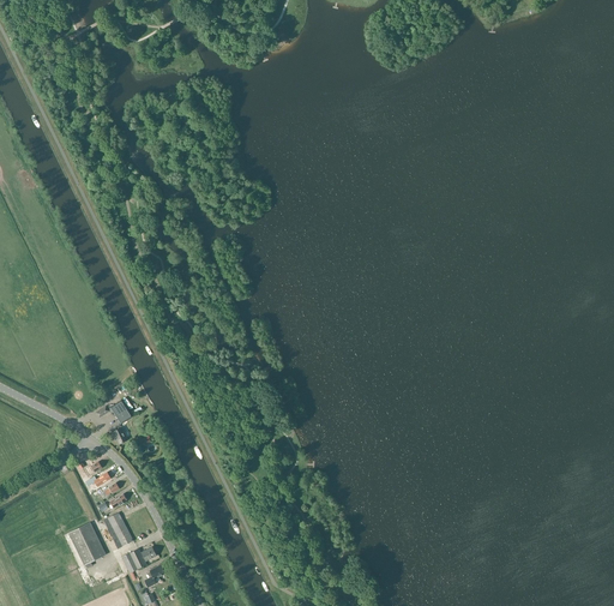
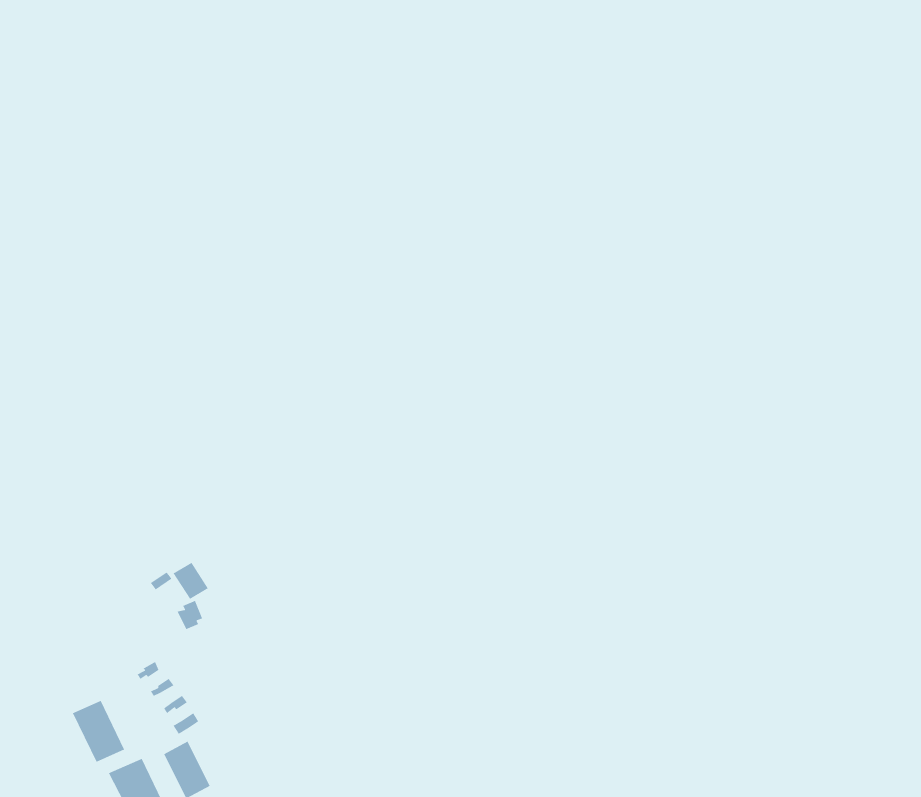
building: none -> [72,700,125,763]

